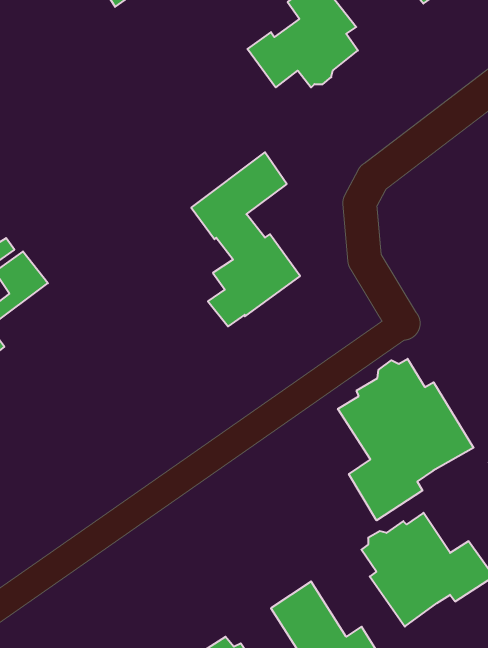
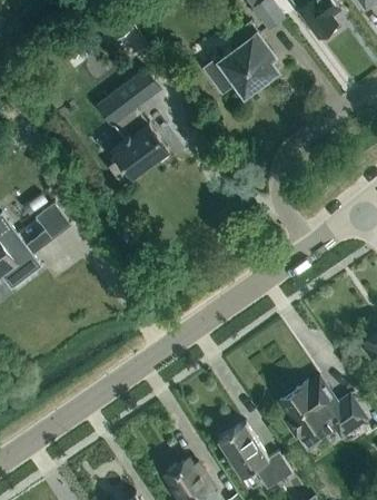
building: [191,152,300,326] -> [97,68,169,184]
building: [338,359,474,520] -> none

